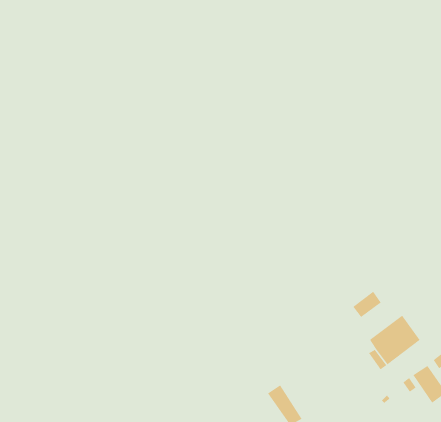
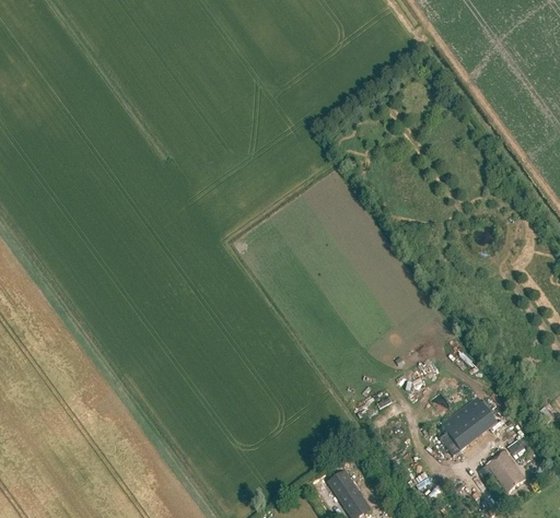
building: [352,291,381,318] -> none

